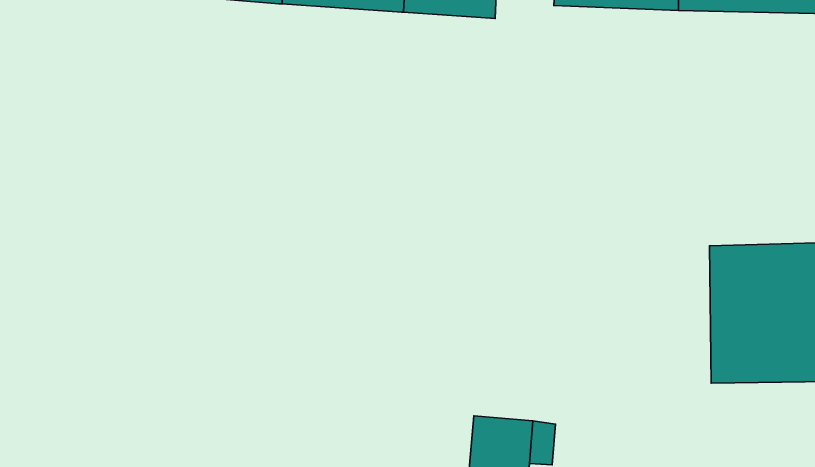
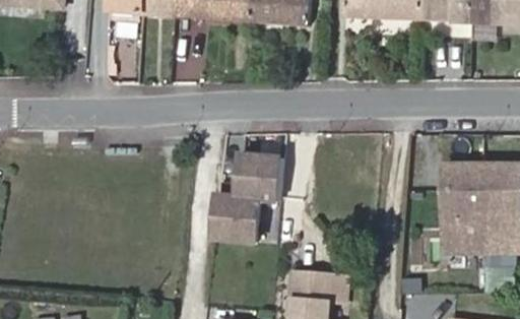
building: none -> [212,153,282,241]

